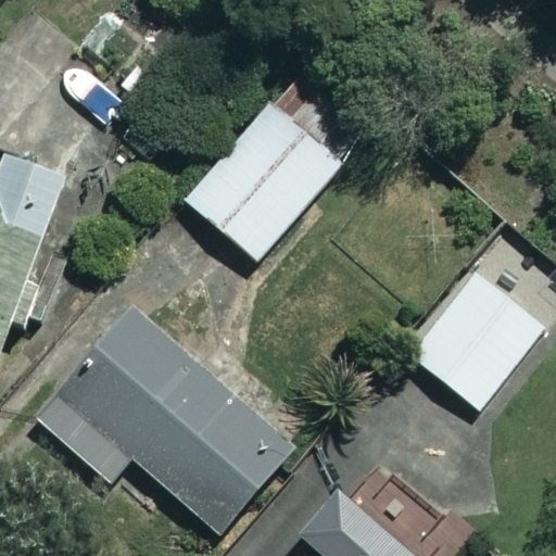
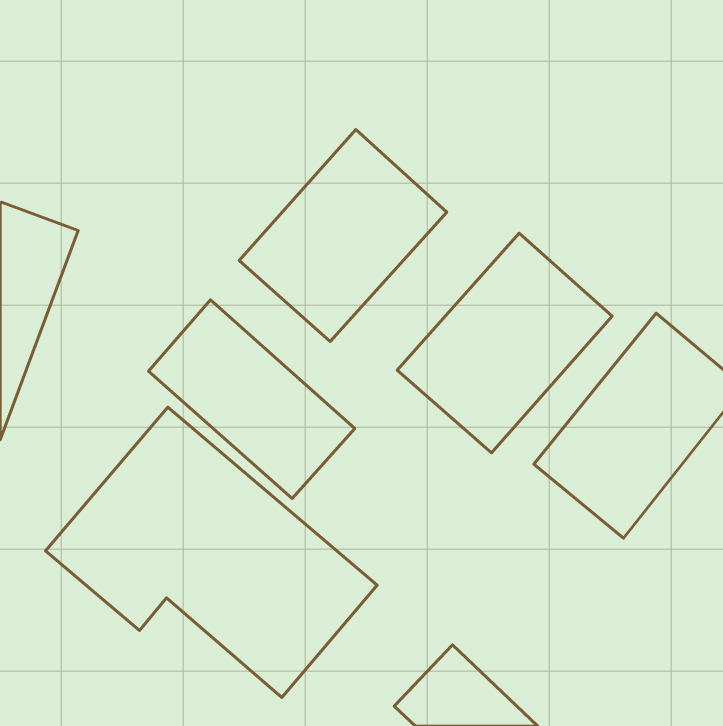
building: none -> [397,233,612,453]
building: none -> [148,300,355,499]

